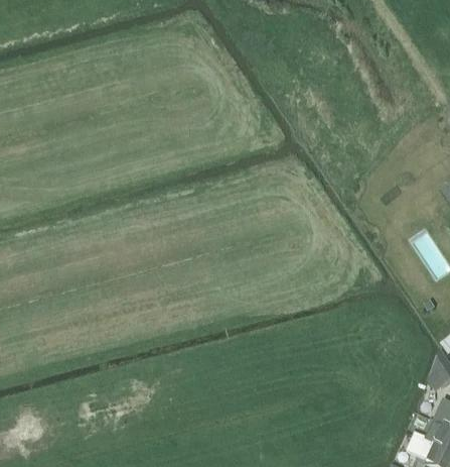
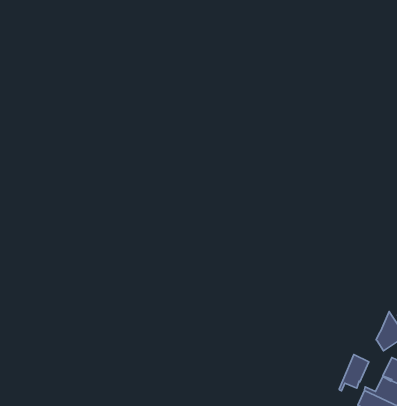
building: none -> [339,355,369,391]

